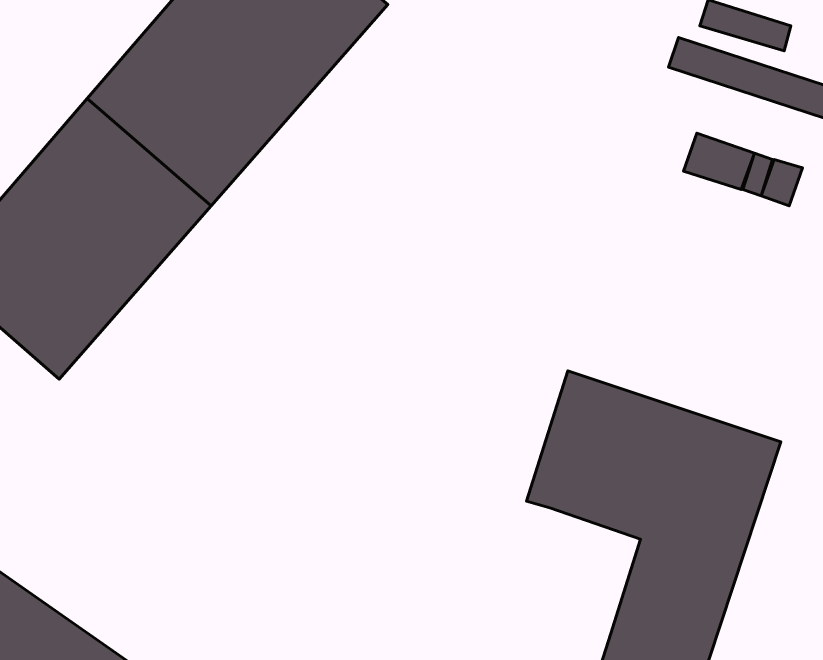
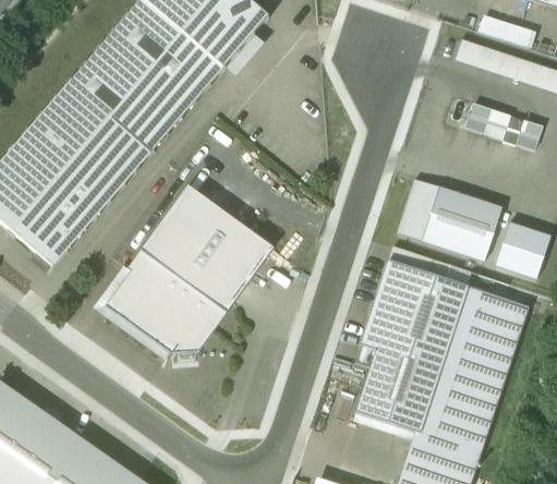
building: none -> [397,178,502,261]
building: none -> [105,184,274,353]
building: none -> [496,223,548,277]
building: none -> [355,349,436,432]

